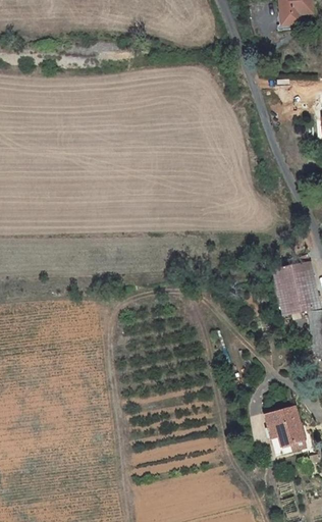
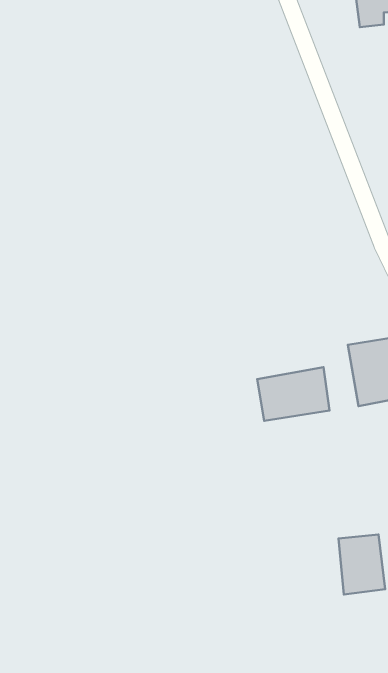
building: none -> [257,367,329,421]

